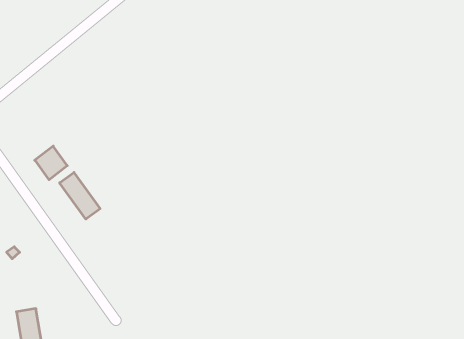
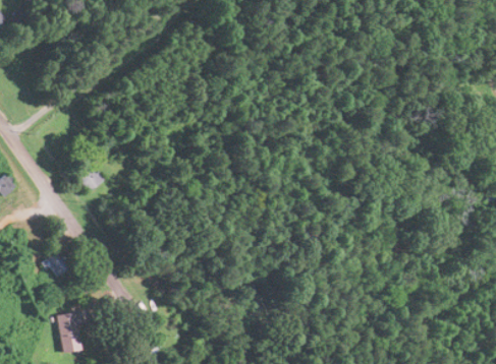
building: [60,172,100,219] -> none

